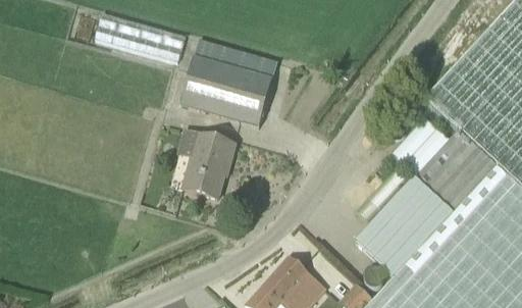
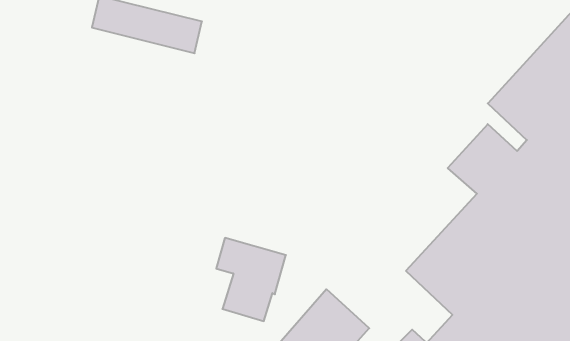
building: [180,41,277,126] -> none
building: [177,130,236,199] -> [216,238,286,321]

